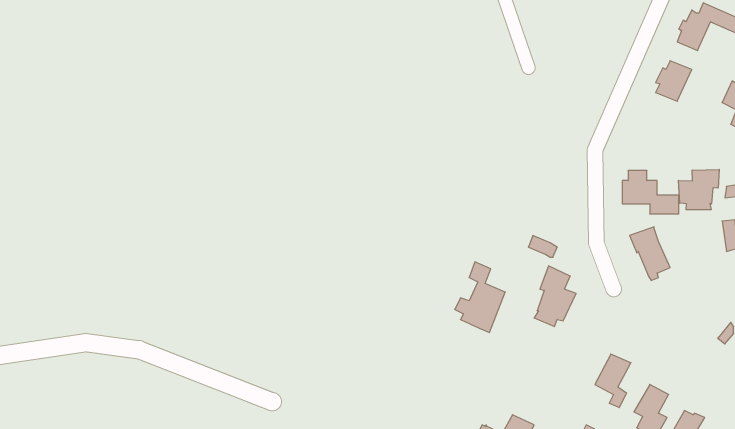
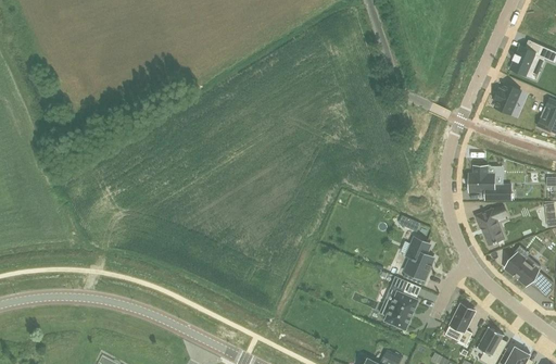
building: [678,169,719,210] -> none
building: [455,262,505,333] -> [379,277,417,330]
building: none -> [505,254,542,287]

